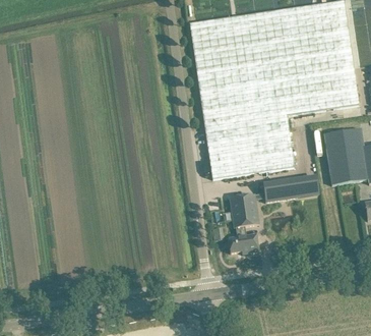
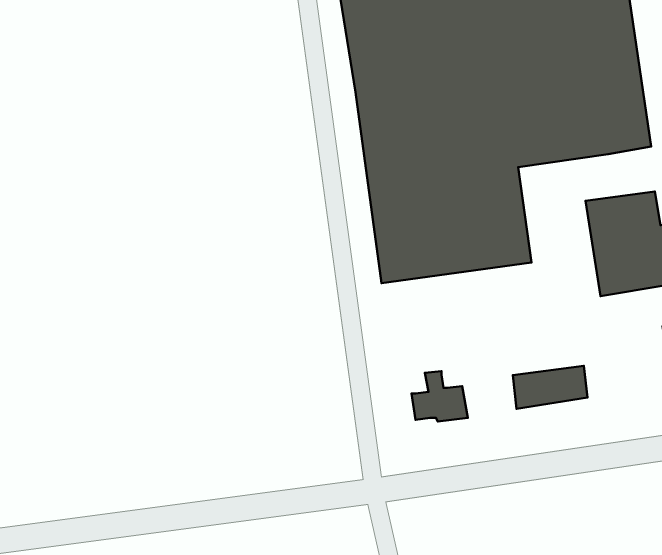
building: [263,178,304,202] -> [513,366,588,409]
building: [229,192,260,227] -> none

